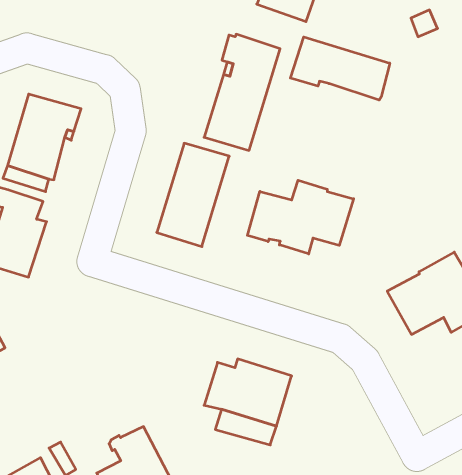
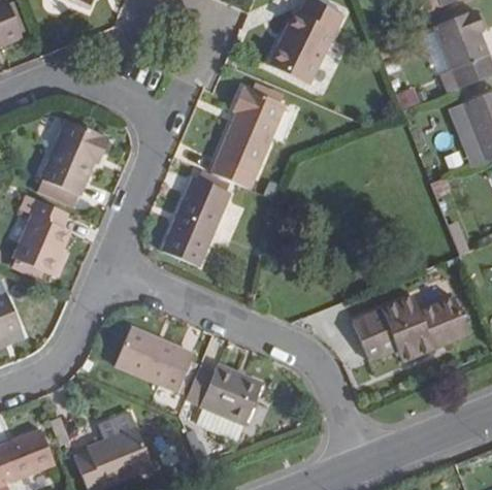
building: [290,37,390,100] -> none
building: [247,180,354,254] -> none
building: none -> [116,327,193,392]

